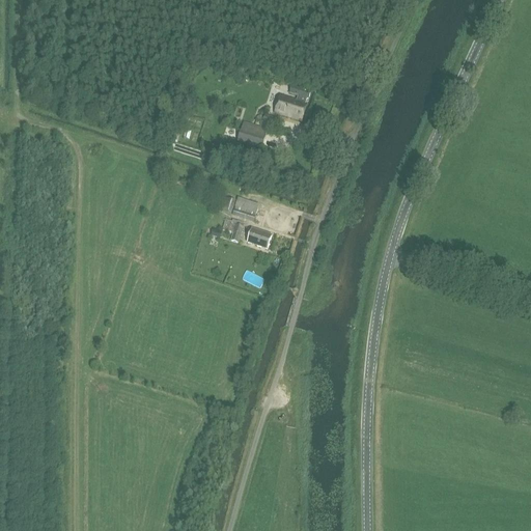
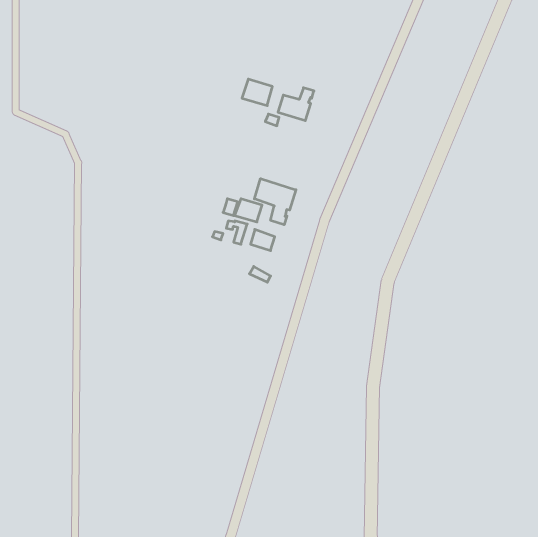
building: [235,119,266,145] -> [242,79,272,106]
building: none -> [254,179,296,225]

